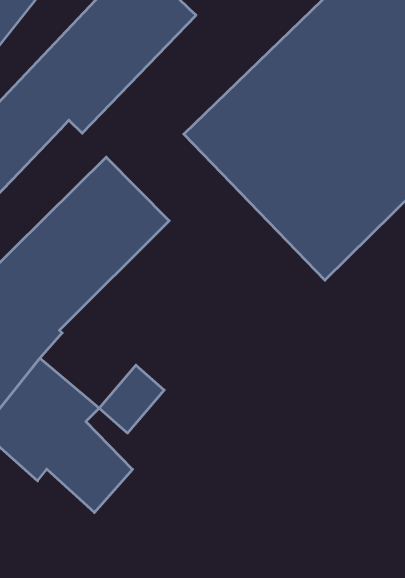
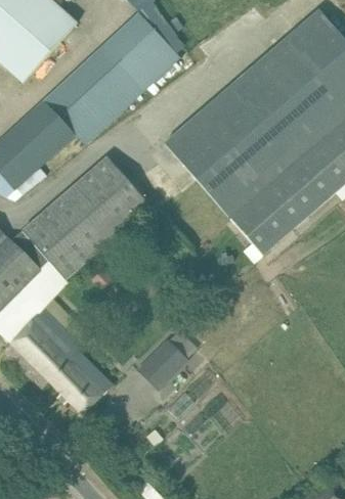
building: [99,365,164,433] -> [139,339,187,389]

